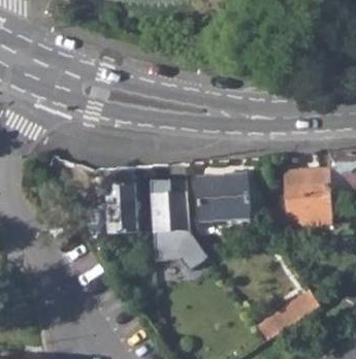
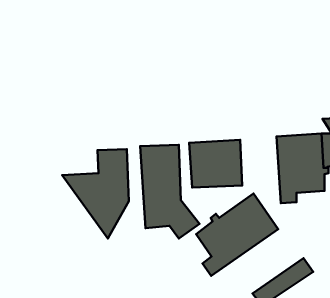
building: none -> [196,194,278,276]

